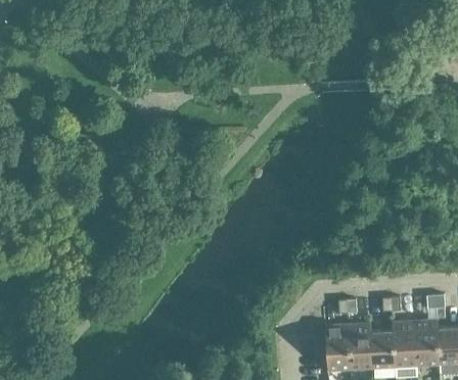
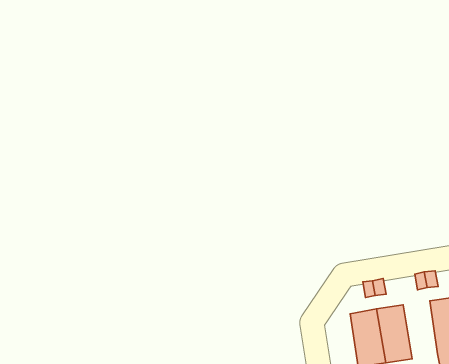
building: [370,322,395,369] -> none

